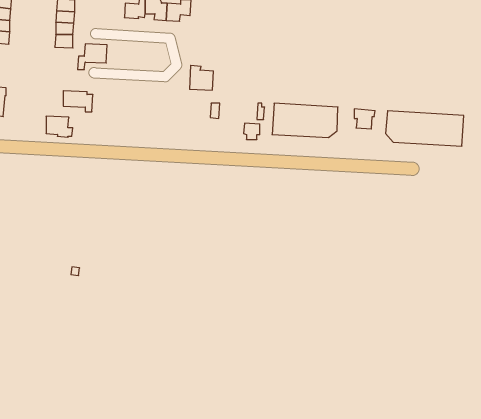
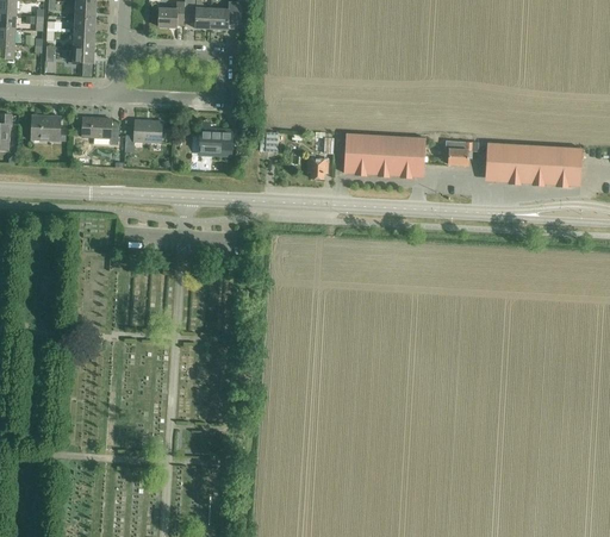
building: [78,44,107,70] -> [124,120,161,152]
building: [190,65,213,90] -> [200,124,230,155]
building: [46,116,73,137] -> [31,115,64,142]

